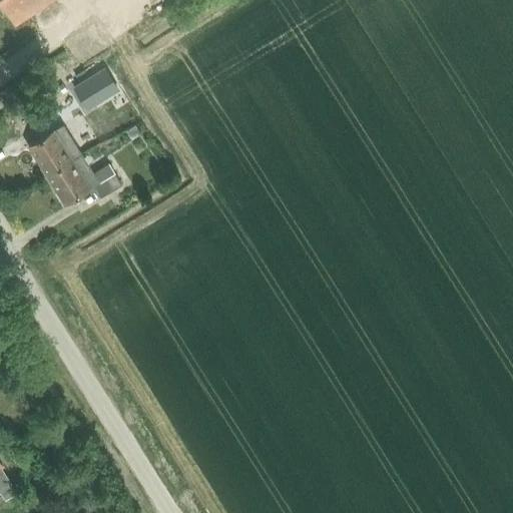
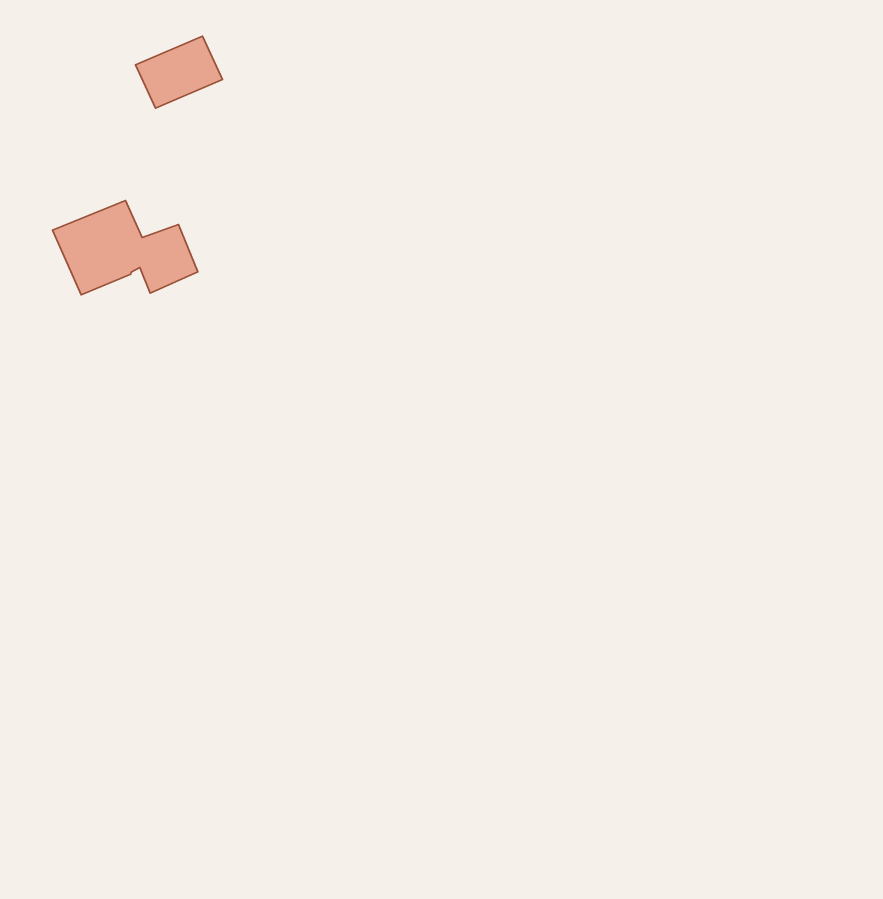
building: [28,127,80,176] -> none

